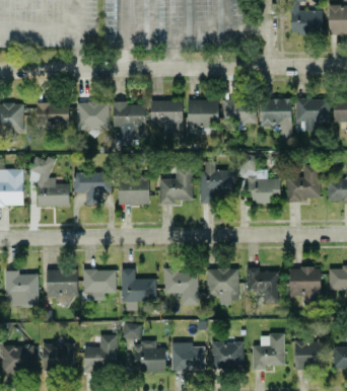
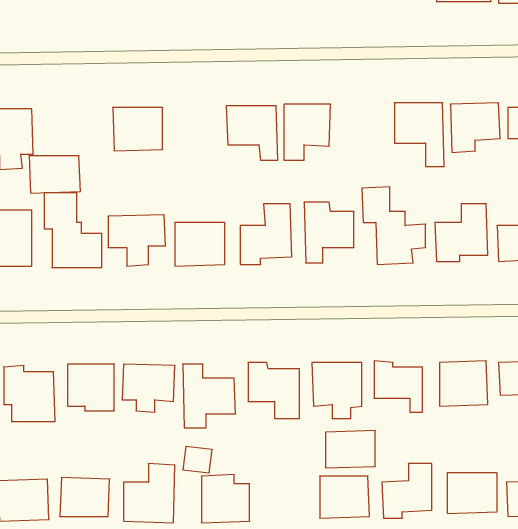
building: [222,99,256,124] -> none
building: [113,101,146,140] -> none
building: [36,103,69,128] -> [29,156,80,193]
building: [171,347,204,372] -> [326,431,375,468]

